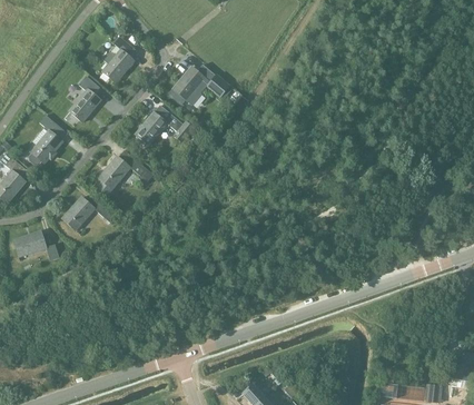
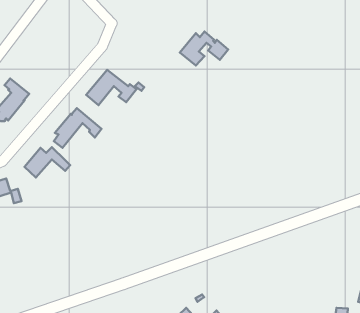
building: [101,34,136,82] -> none
building: [172,63,229,103] -> [180,31,228,66]
building: [68,76,100,121] -> none

